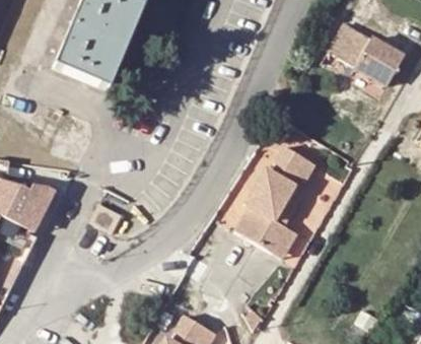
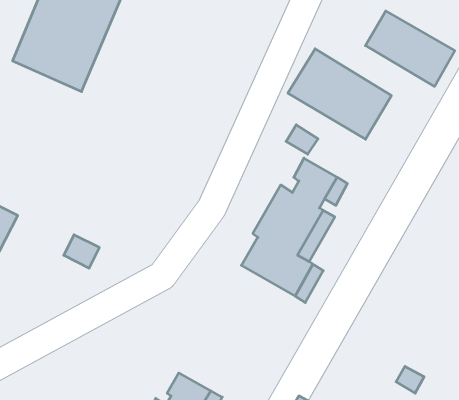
building: none -> [288,49,391,139]

